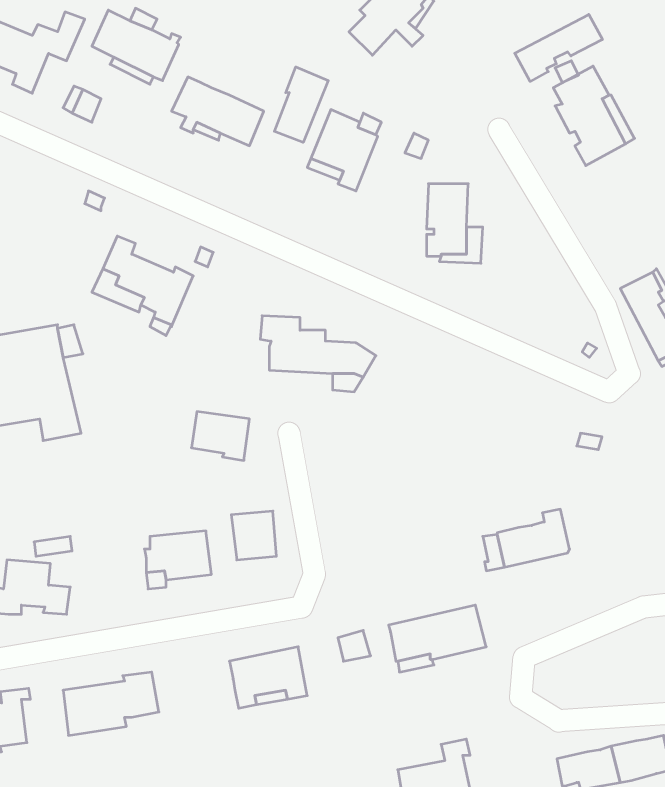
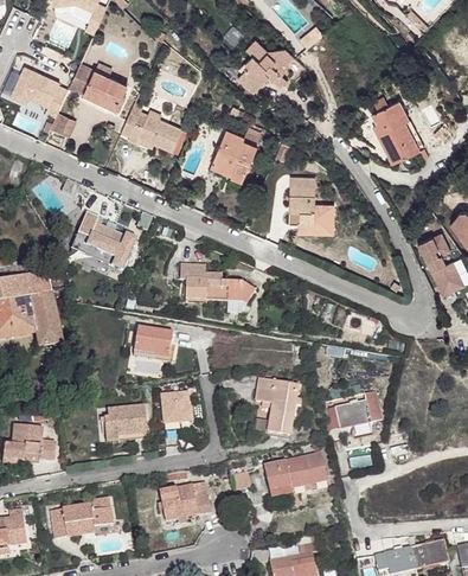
building: [515,14,602,81] -> none
building: [274,67,328,142] -> none
building: none -> [256,377,300,435]

